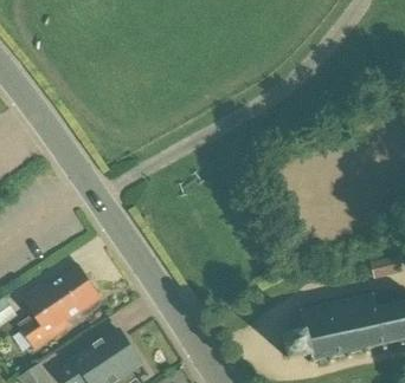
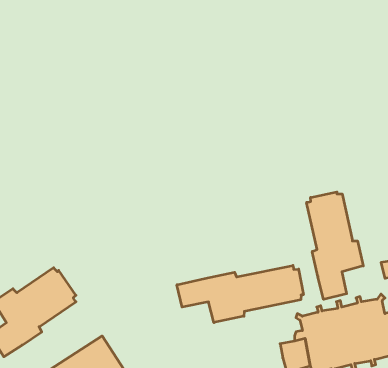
building: none -> [307,192,363,299]
building: none -> [177,265,303,323]

